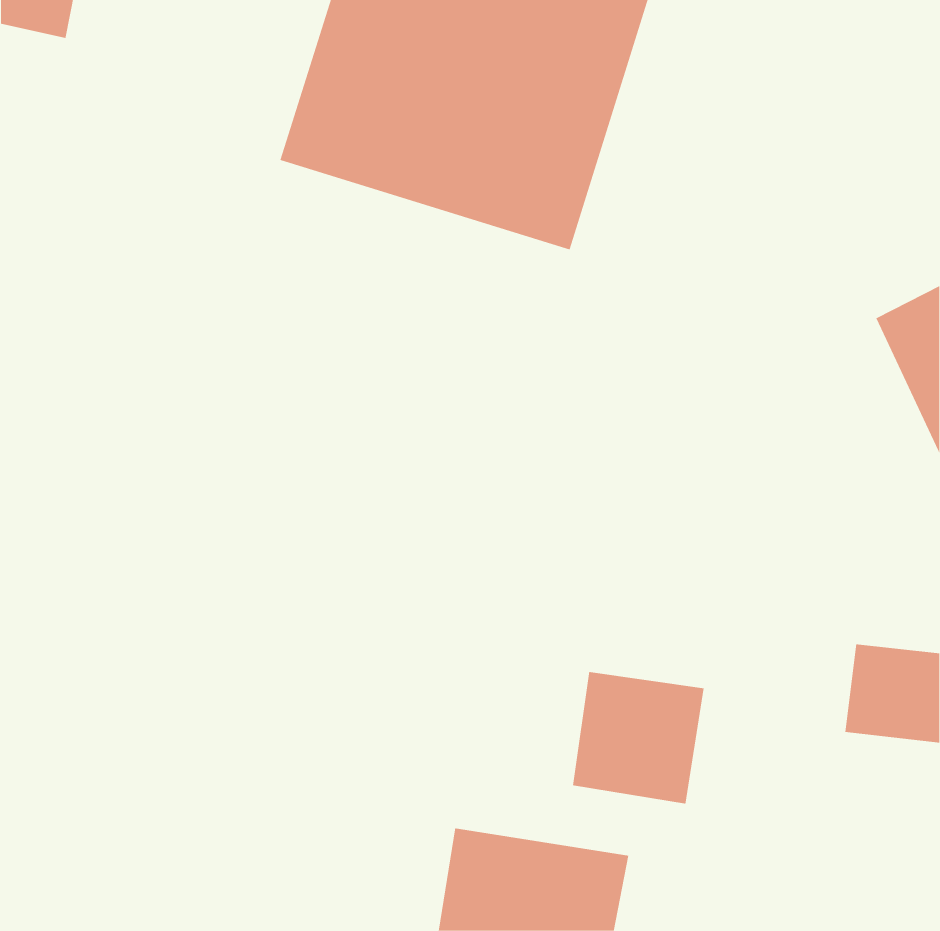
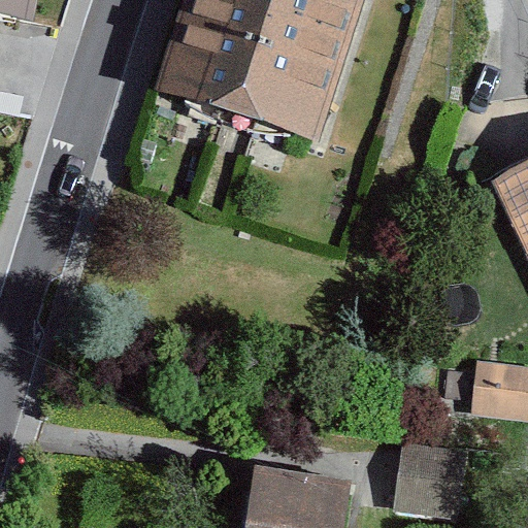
building: [572,672,705,804] -> [394,443,468,518]

